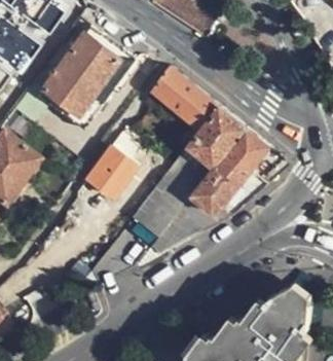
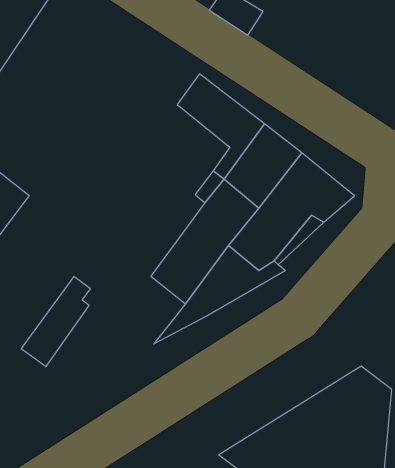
building: [36,23,135,130] -> none
building: [79,135,131,202] -> [21,276,90,366]

